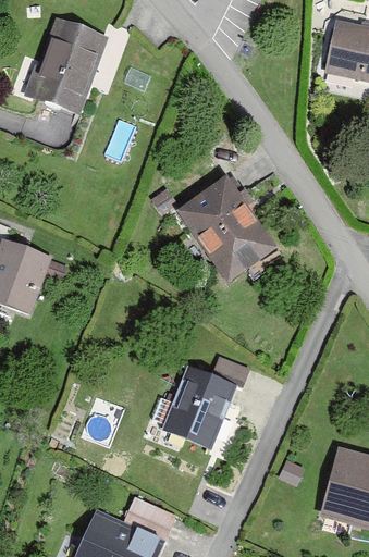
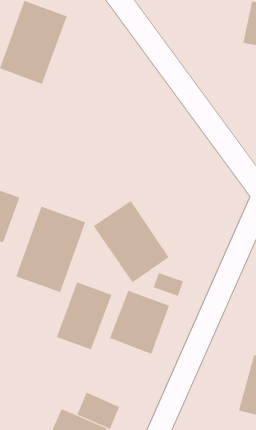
building: [181,178,274,280] -> [93,200,169,283]
building: none -> [16,206,86,293]
building: none -> [56,281,112,350]

